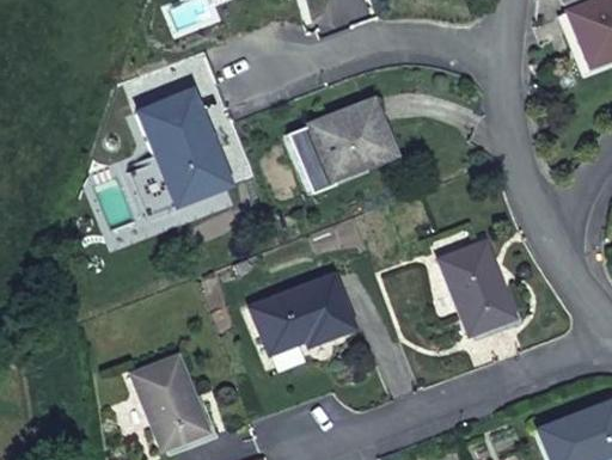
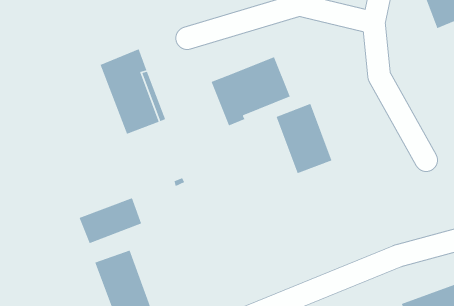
building: [439,240,514,335] -> [276,103,332,174]
building: [251,275,354,352] -> none
building: none -> [78,197,142,244]

